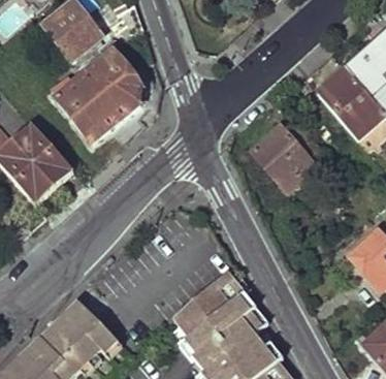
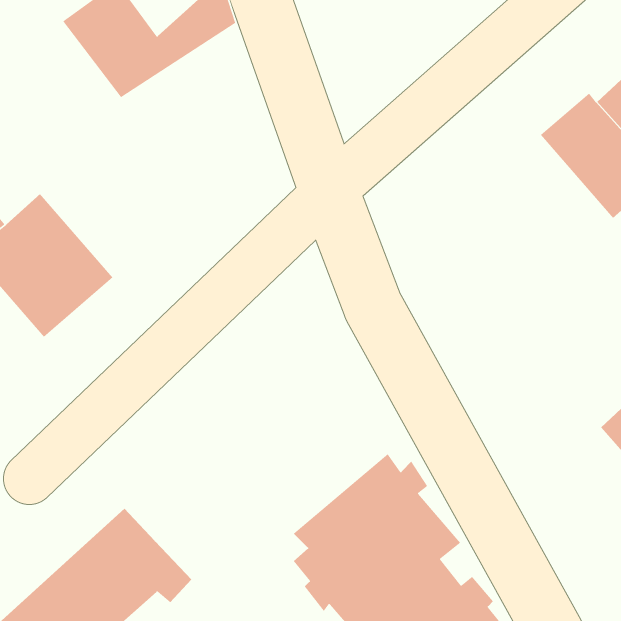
building: [57,51,144,144] -> none
building: [253,129,325,191] -> none

